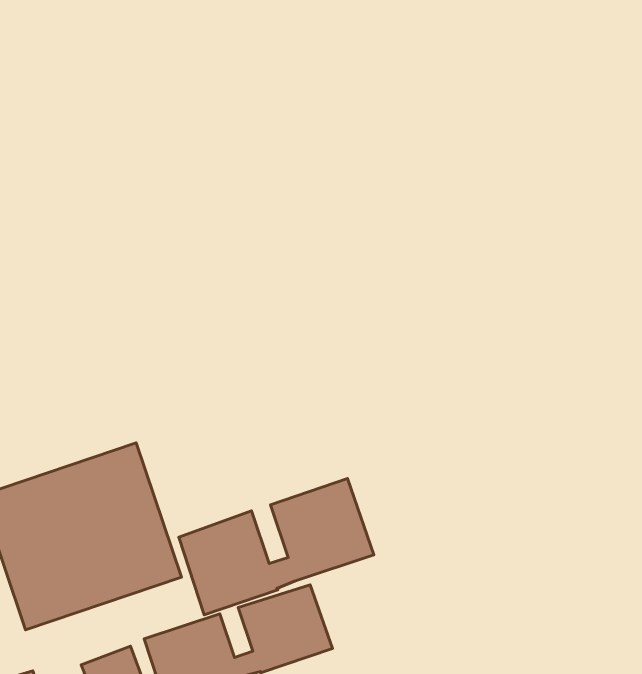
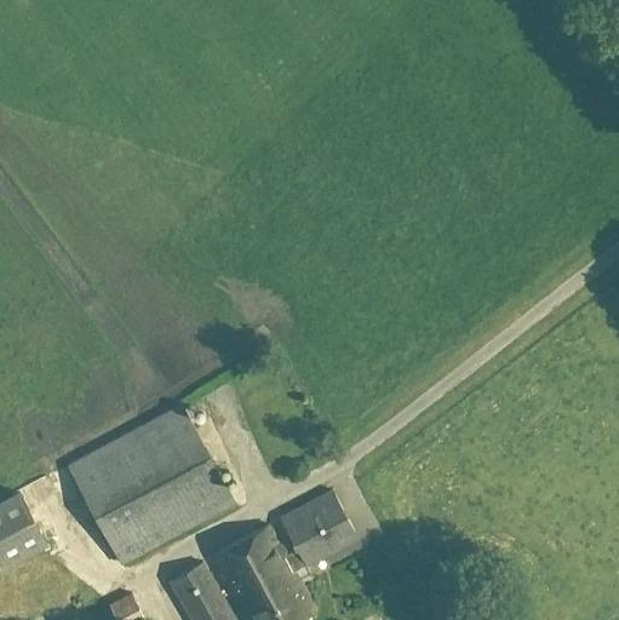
building: [179,479,374,615] -> none

